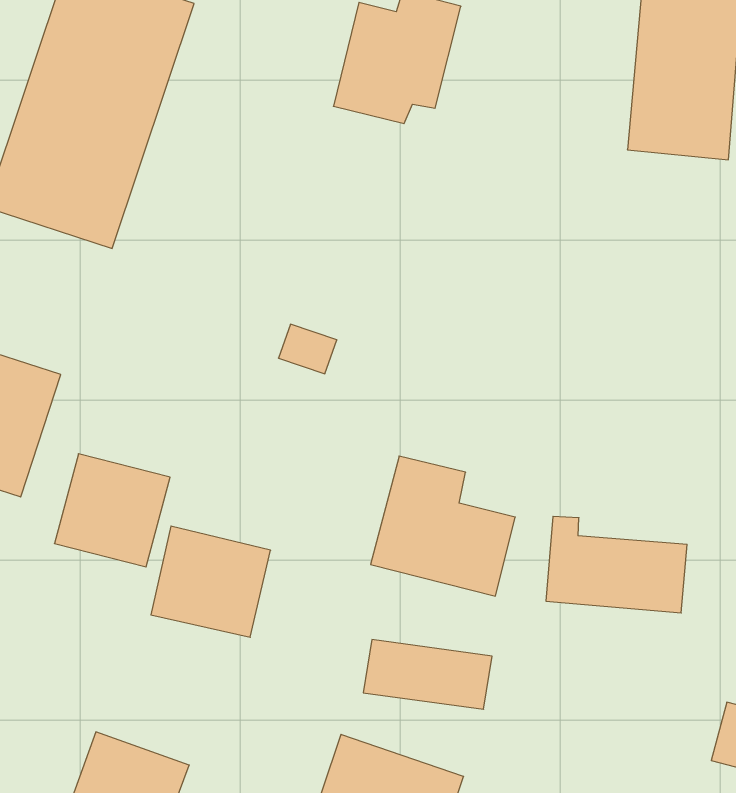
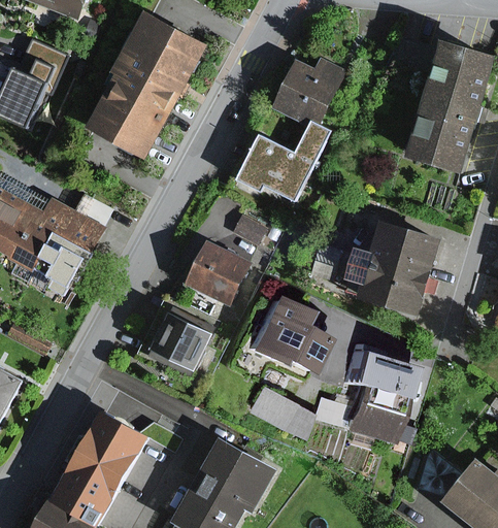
building: none -> [240,120,334,201]
building: none -> [350,229,425,318]
building: [54,454,170,567] -> [172,245,238,310]
building: none -> [311,396,410,444]

